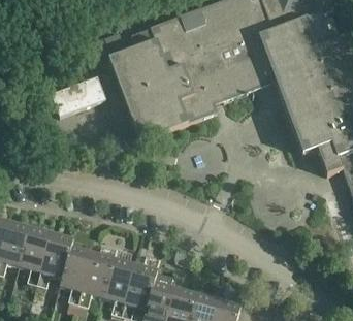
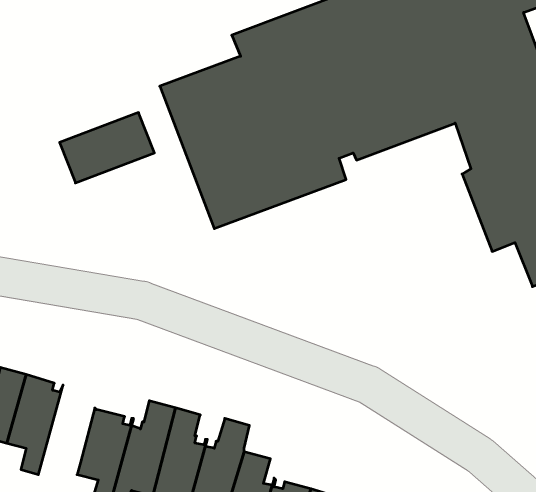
building: [36,232,73,288] -> none

